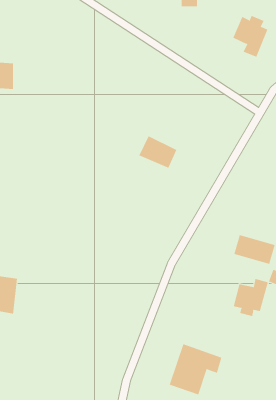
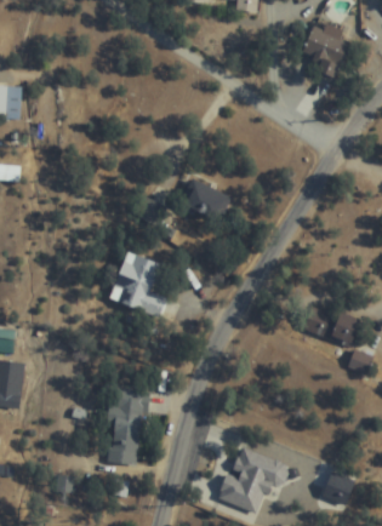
building: none -> [109,252,165,316]
building: [233,278,269,317] -> none
building: none -> [107,385,147,454]

